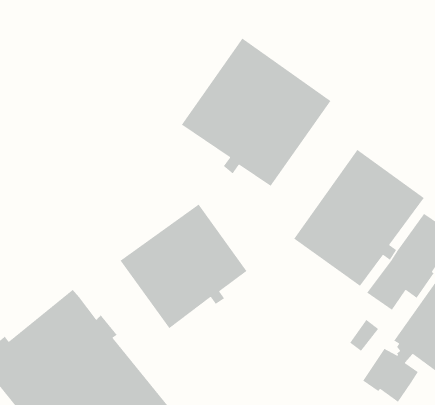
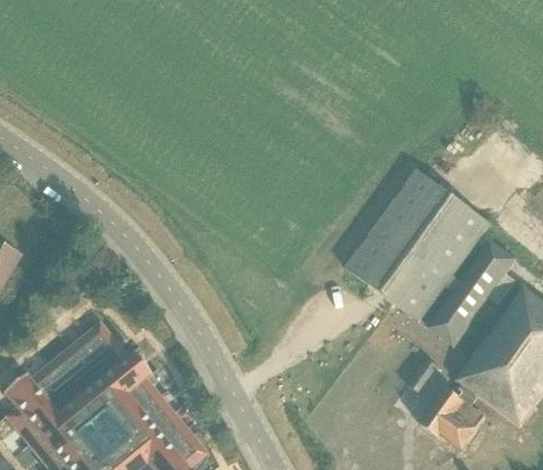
building: [181,37,331,187] -> none
building: [120,203,247,329] -> none

